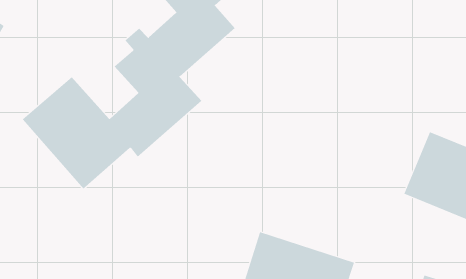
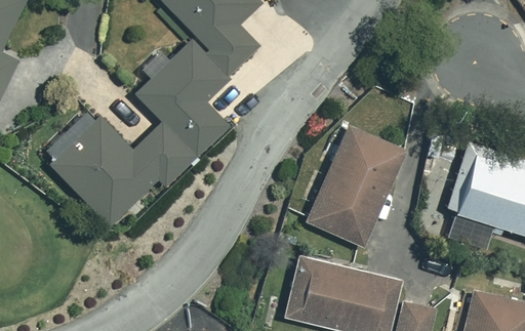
building: none -> [307,126,404,246]

